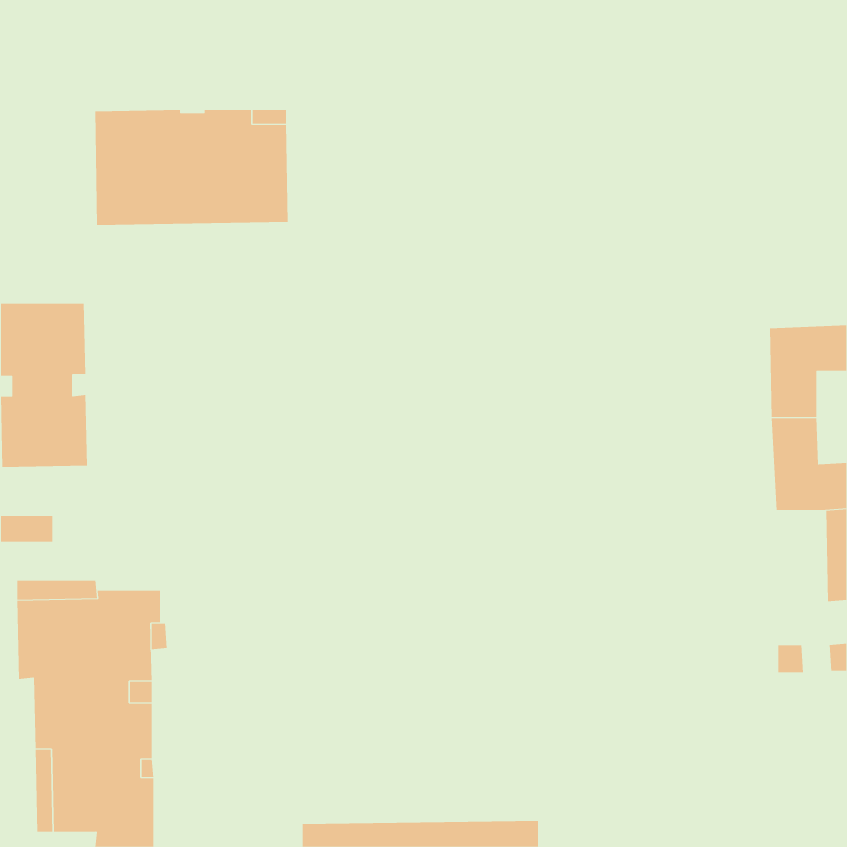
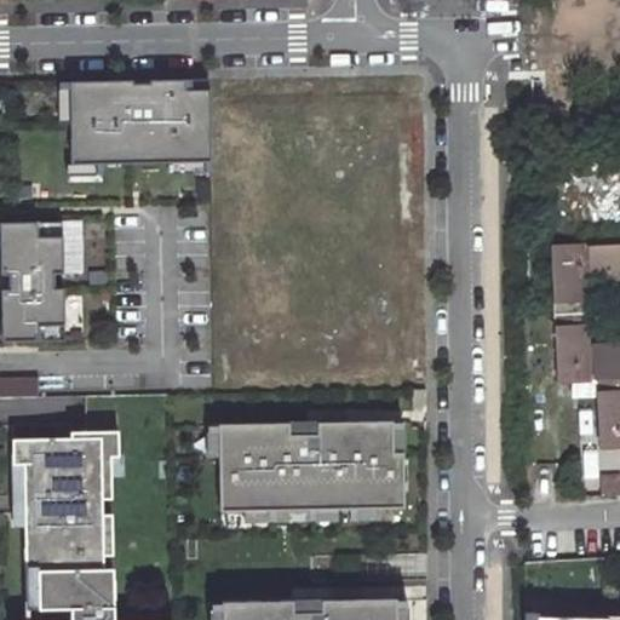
building: none -> [217,420,392,511]

